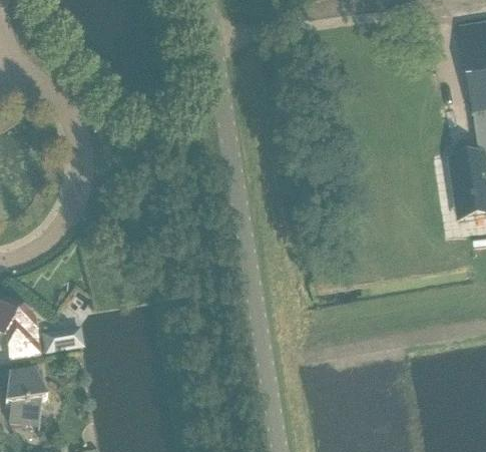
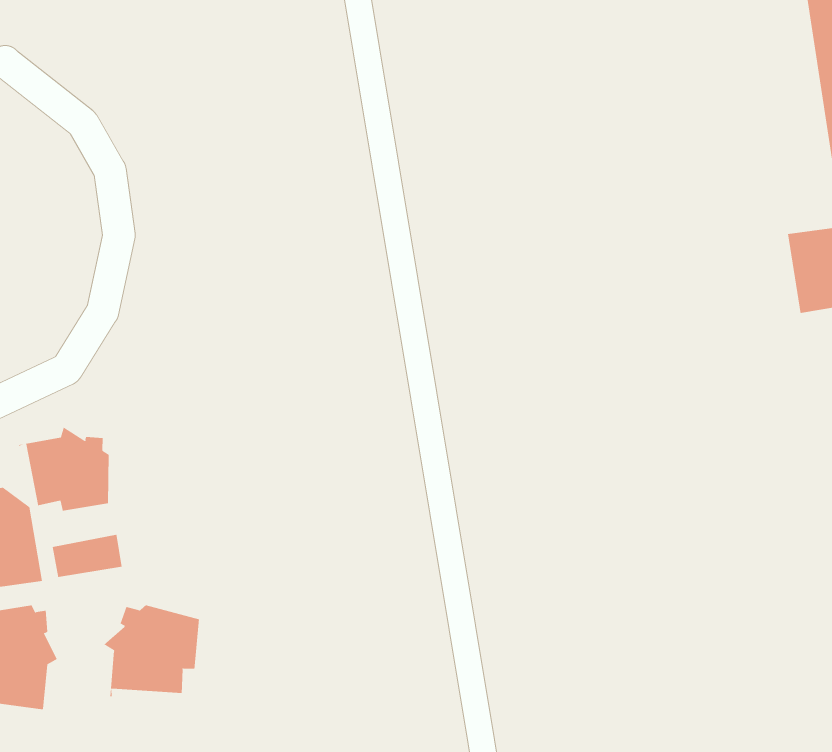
building: none -> [19,426,109,511]
building: none -> [103,605,199,697]

